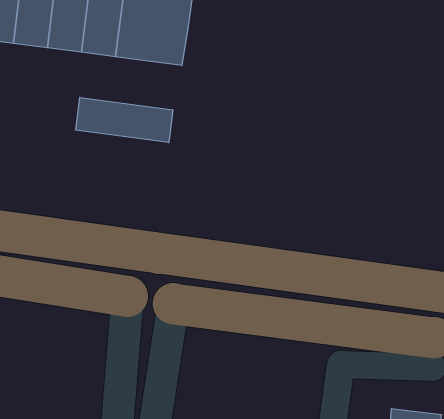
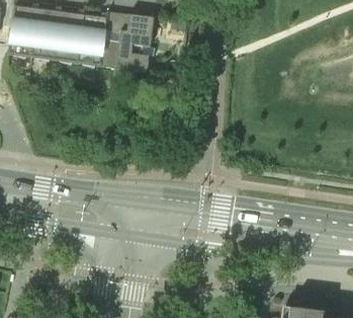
building: [76,97,173,143] -> none

